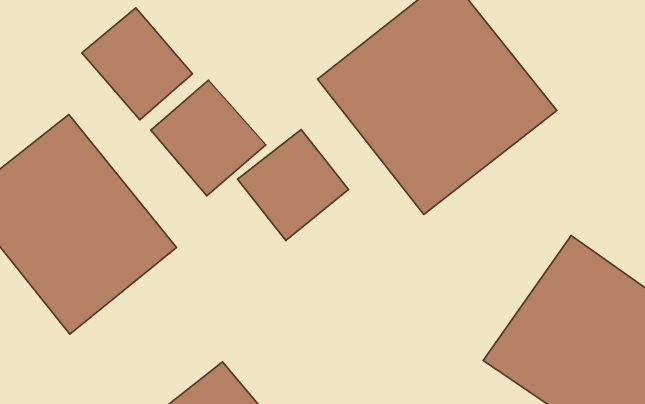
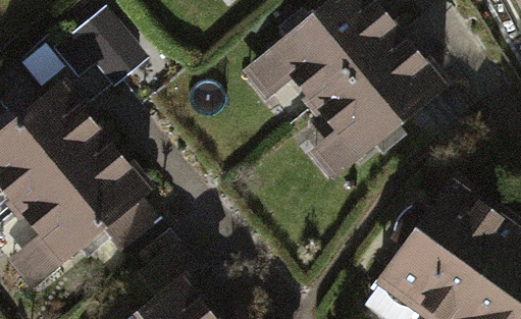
building: [151,80,266,196] -> none
building: [237,130,348,240] -> none

